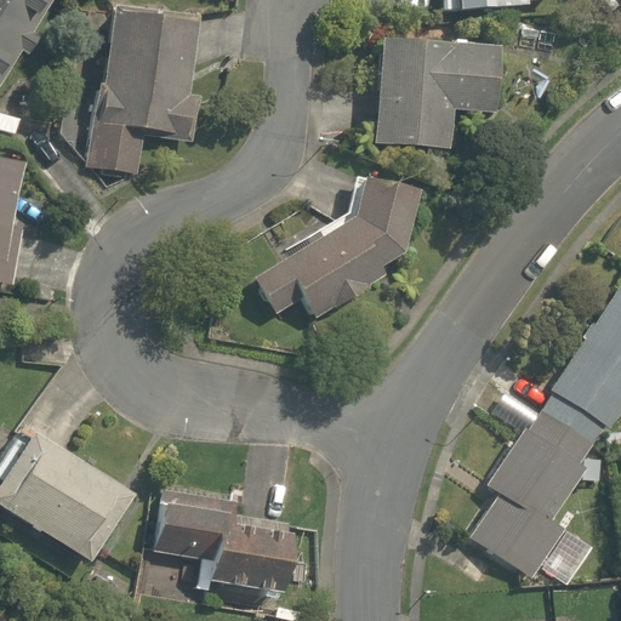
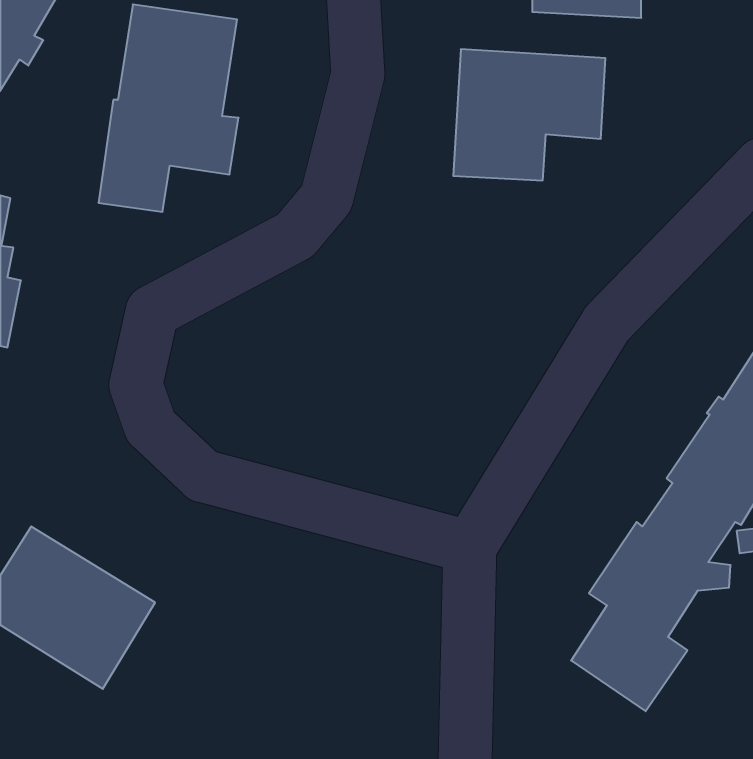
building: [256,176,412,315] -> none
building: [150,489,292,593] -> none

